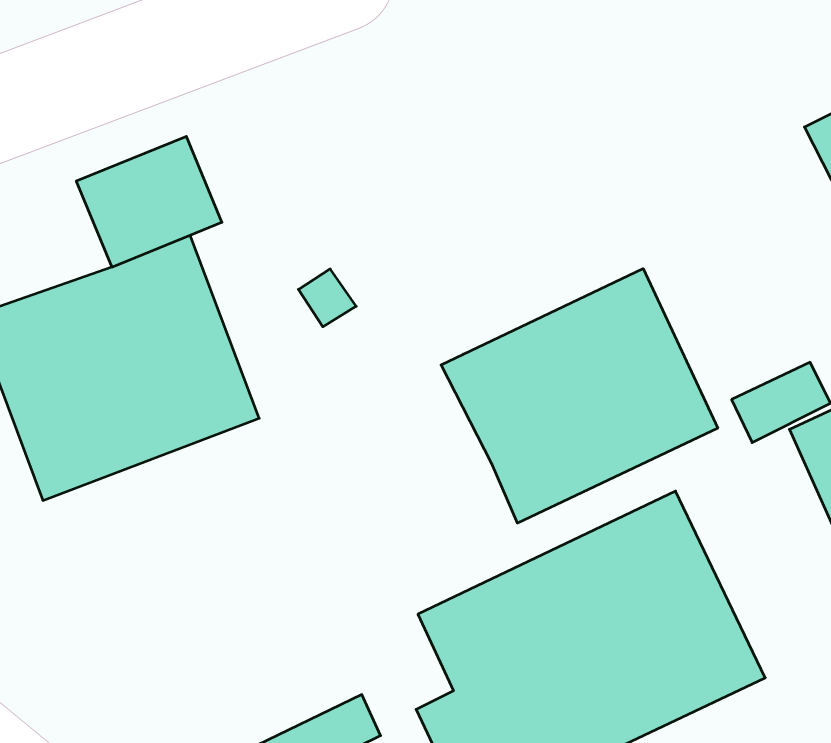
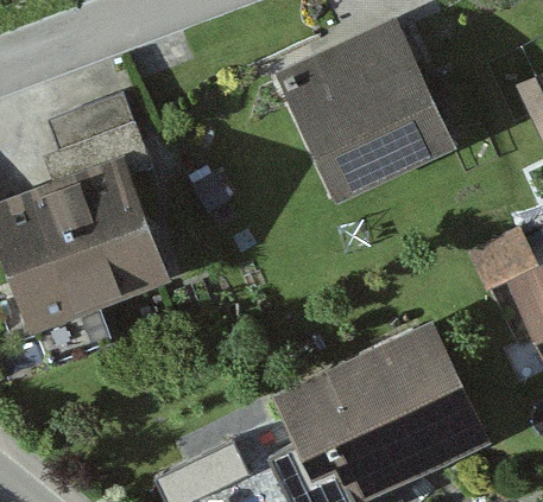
building: none -> [279,21,459,201]
building: [441,269,718,523] -> none

